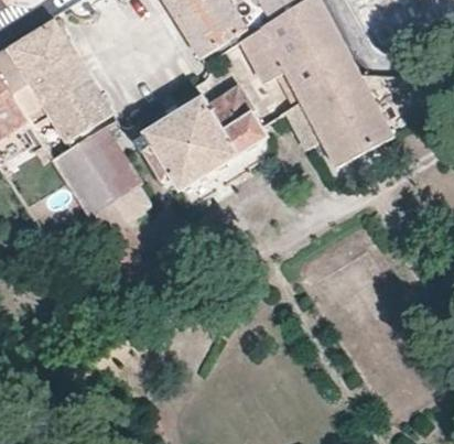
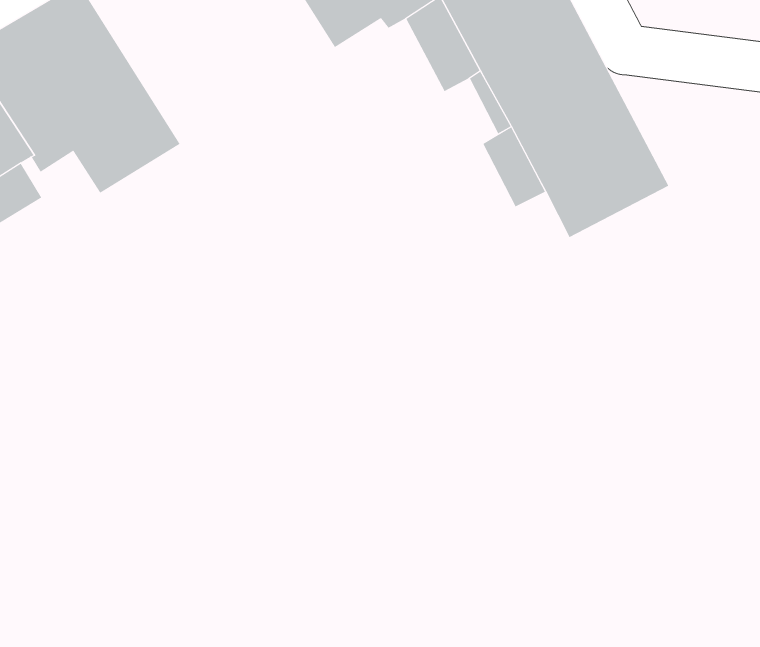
building: [132,87,267,189] -> none
building: [50,126,149,234] -> none

